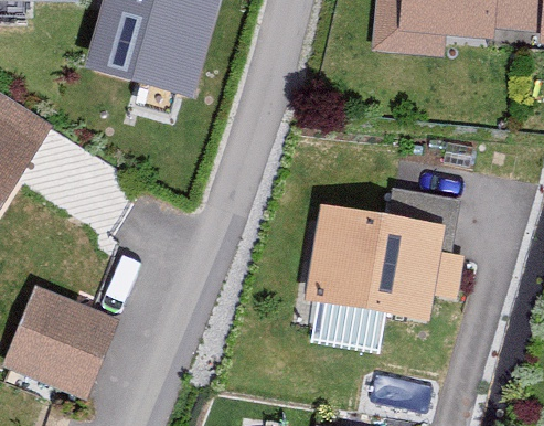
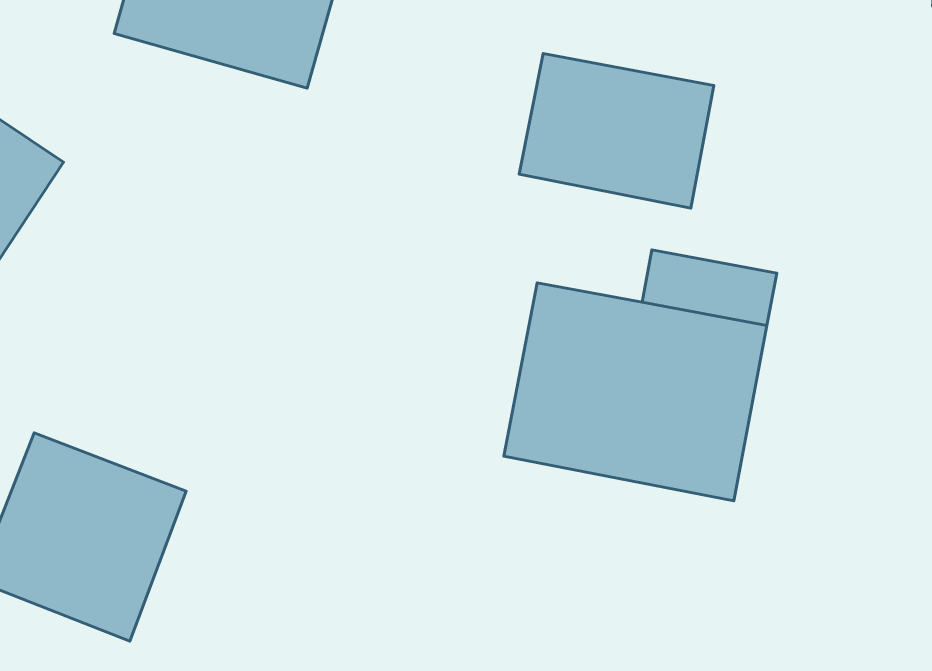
building: none -> [519,53,714,208]

